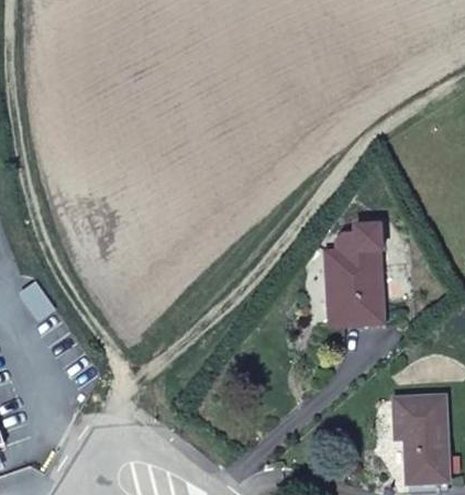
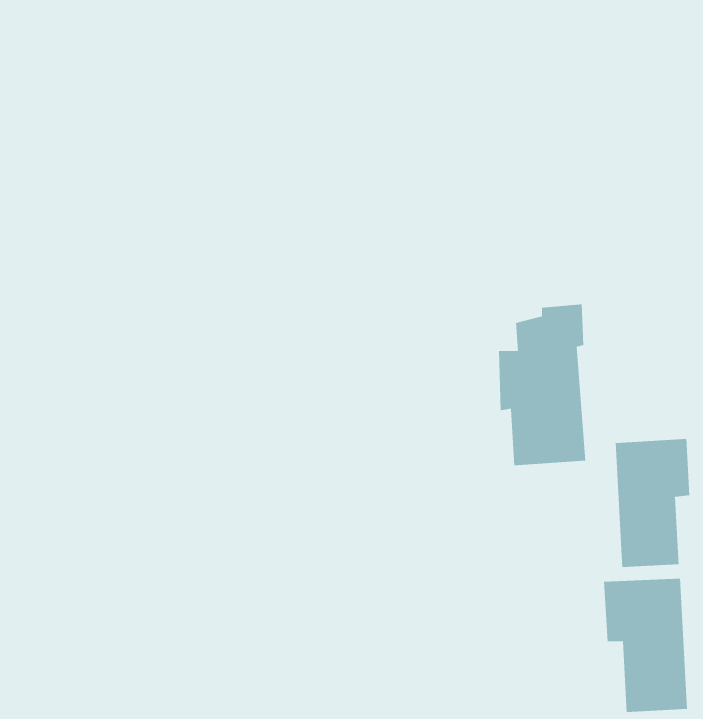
building: none -> [615,438,690,568]

